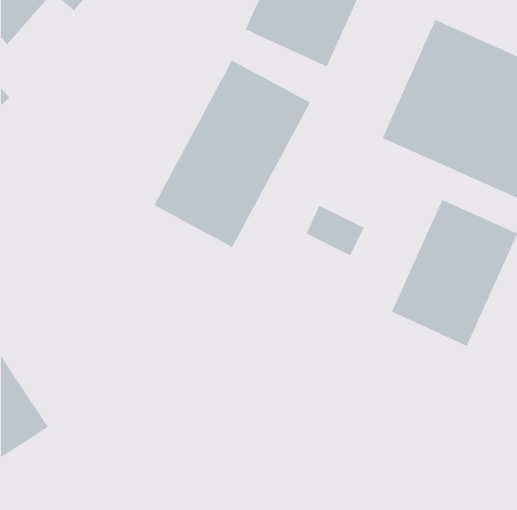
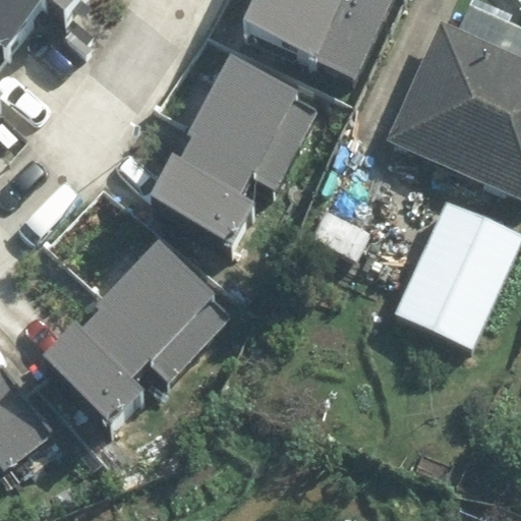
building: none -> [49,243,230,425]

